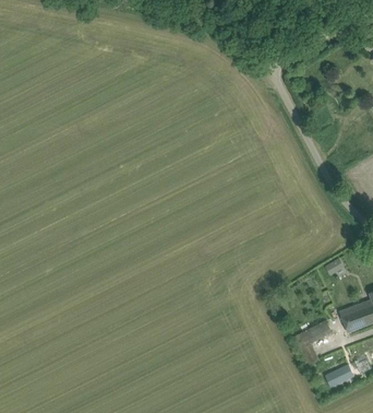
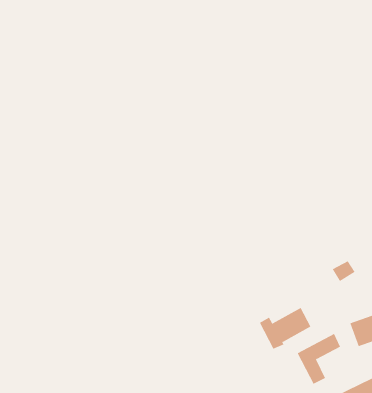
building: none -> [259,307,311,349]

